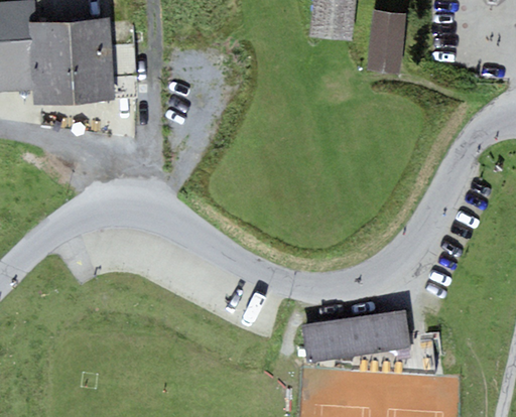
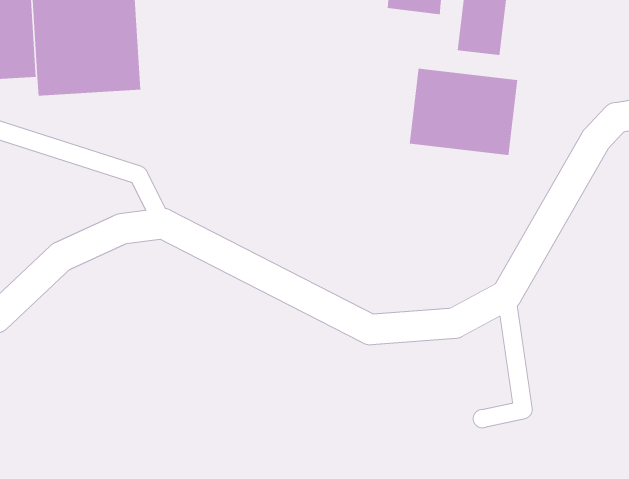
building: none -> [409,68,518,156]
building: [301,309,410,362] -> none

